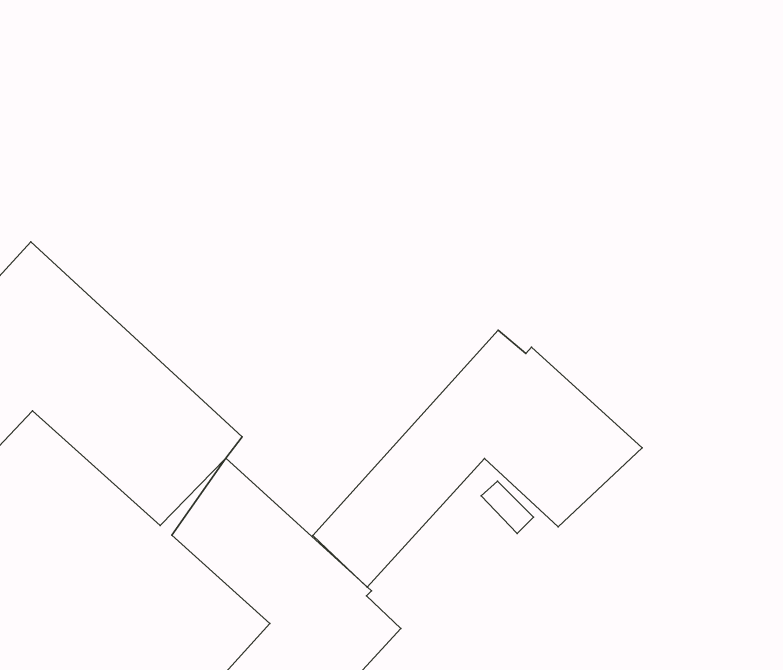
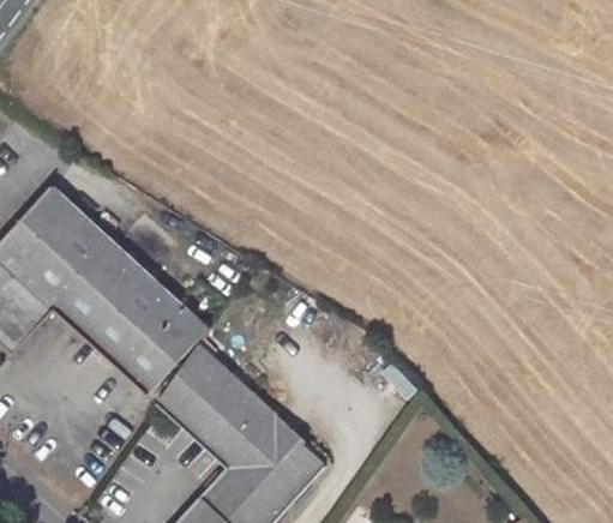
building: [313,330,642,587] -> none

